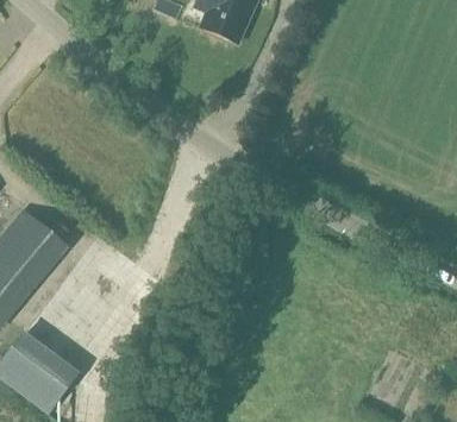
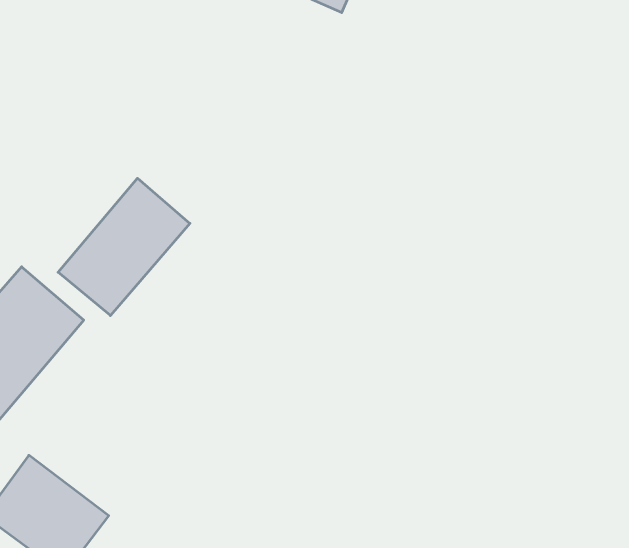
building: none -> [58,178,190,316]

